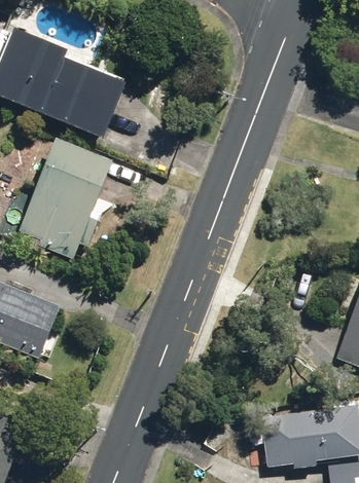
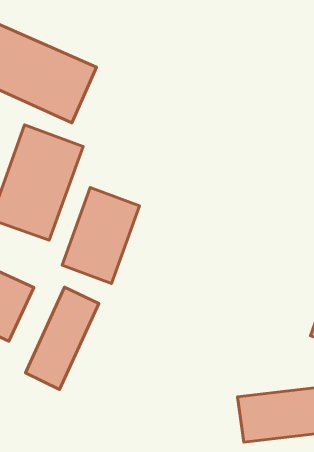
building: none -> [62,188,139,284]
building: none -> [25,287,99,389]

